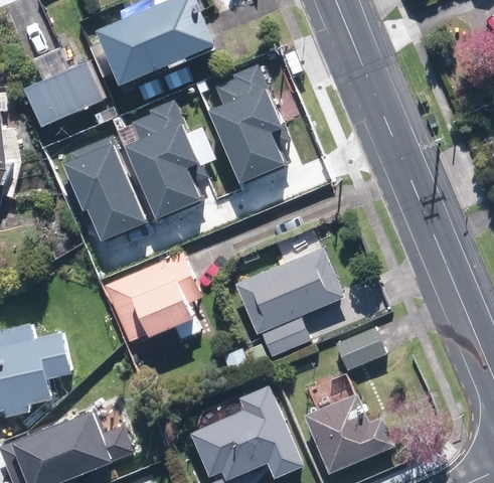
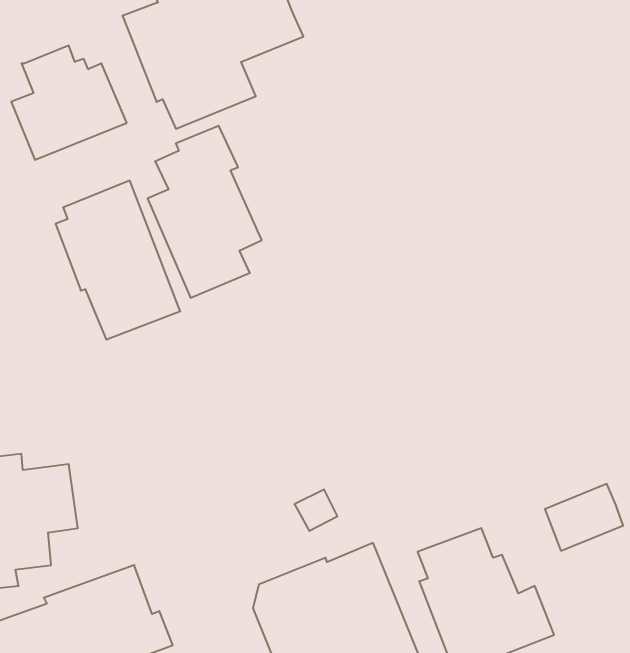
building: [203,68,283,184] -> none
building: [235,248,345,359] -> none
building: [106,252,205,343] -> none
building: [333,327,386,372] -> [545,484,623,551]

